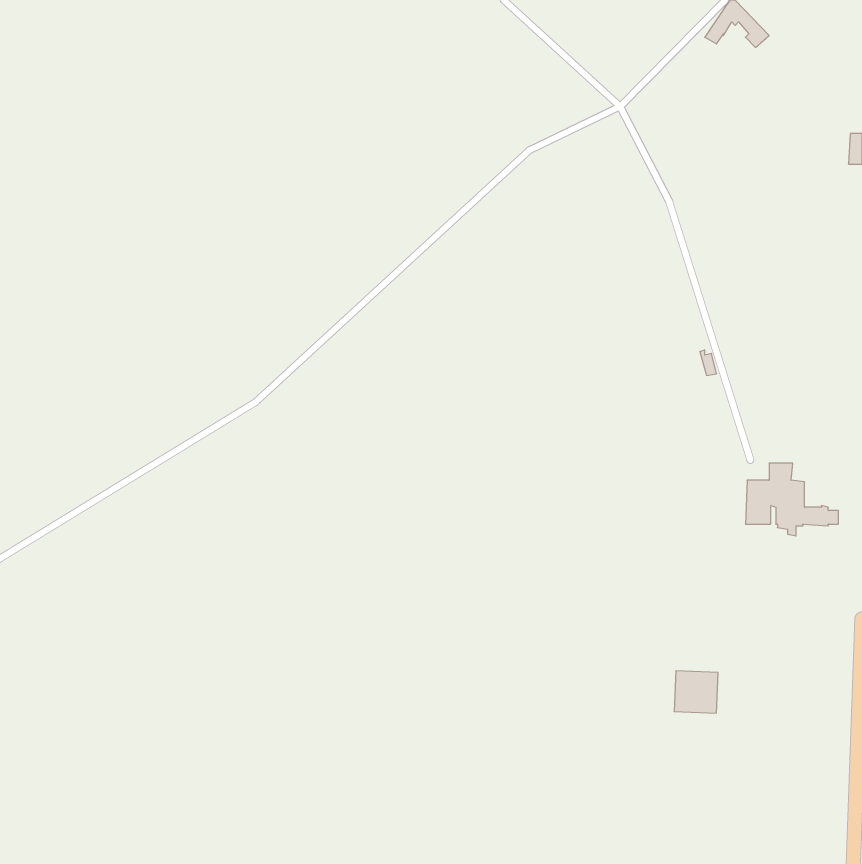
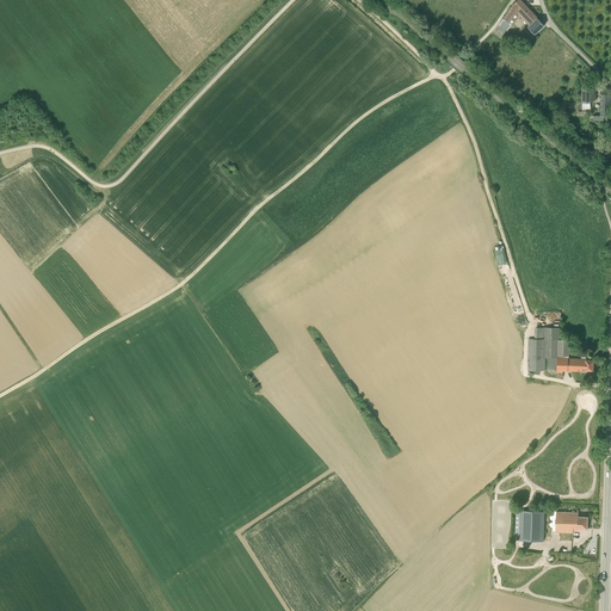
building: [674,671,718,713] -> [513,511,544,541]
building: none -> [555,512,587,542]

